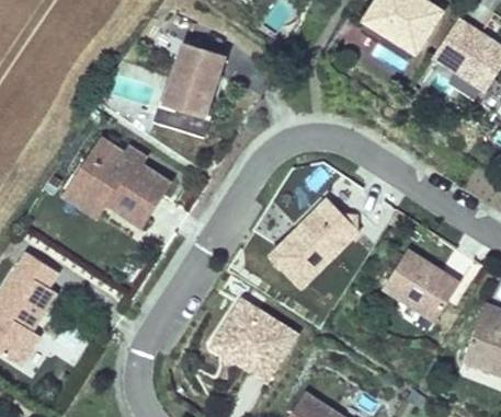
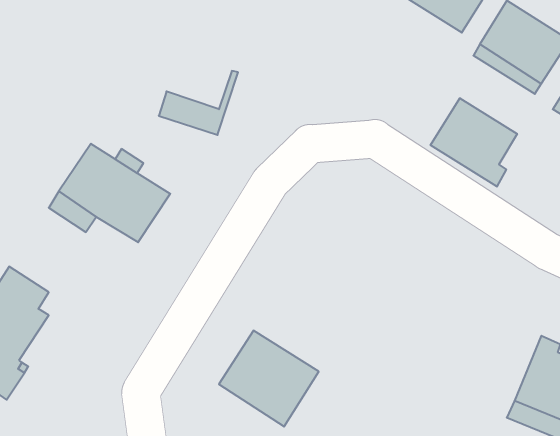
building: [163,38,227,112] -> none
building: none -> [431,98,517,187]
building: [267,200,357,289] -> none
building: [382,252,457,323] -> none

